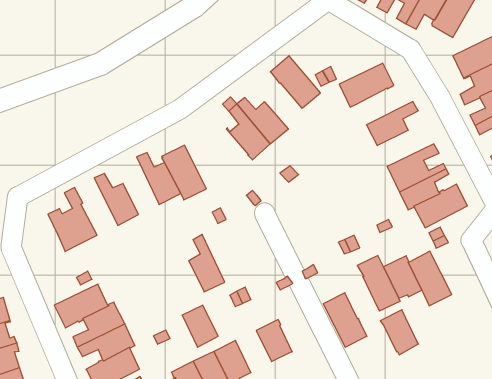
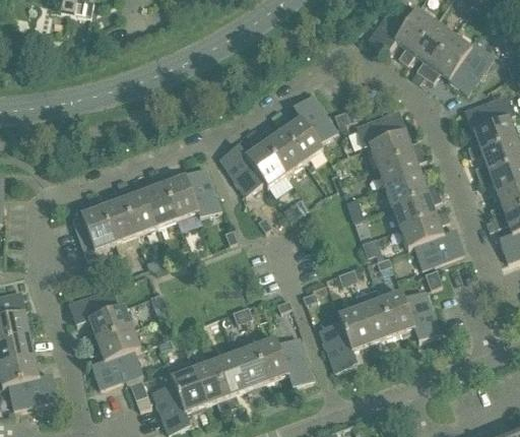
building: none -> [276,116,323,163]
building: none -> [371,134,424,167]
building: none -> [220,144,265,195]
building: none -> [386,176,439,207]
building: none -> [104,189,136,243]
building: [189,234,225,292] -> [145,174,177,228]
building: [182,305,218,347] -> [235,348,266,386]
building: [380,310,419,355] -> [338,308,372,350]
building: none -> [277,337,315,388]

